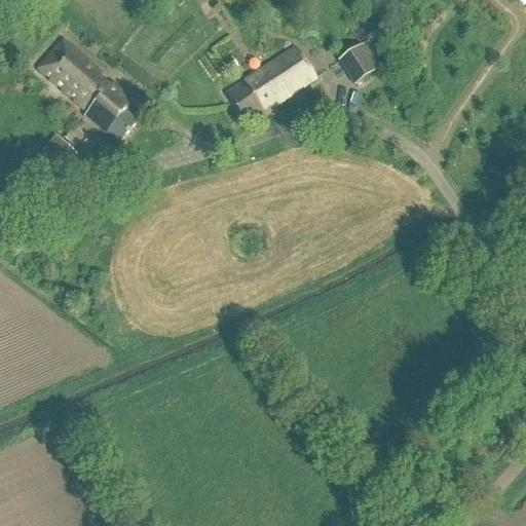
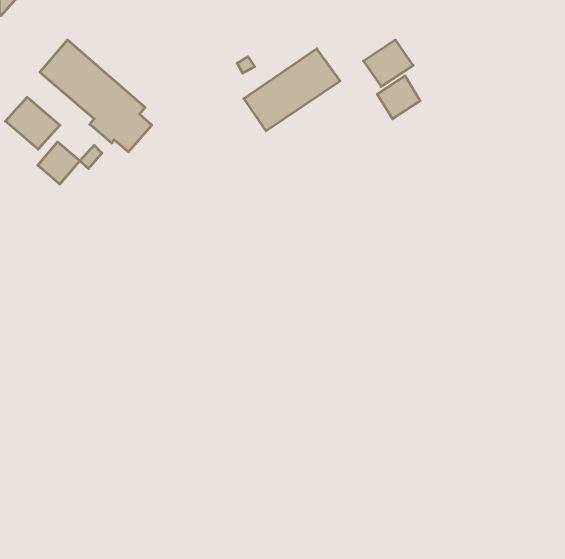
building: none -> [377,76,420,119]
building: none -> [5,97,60,149]

